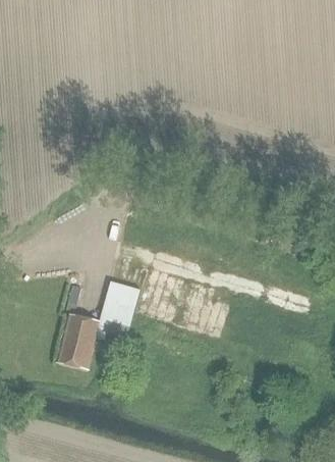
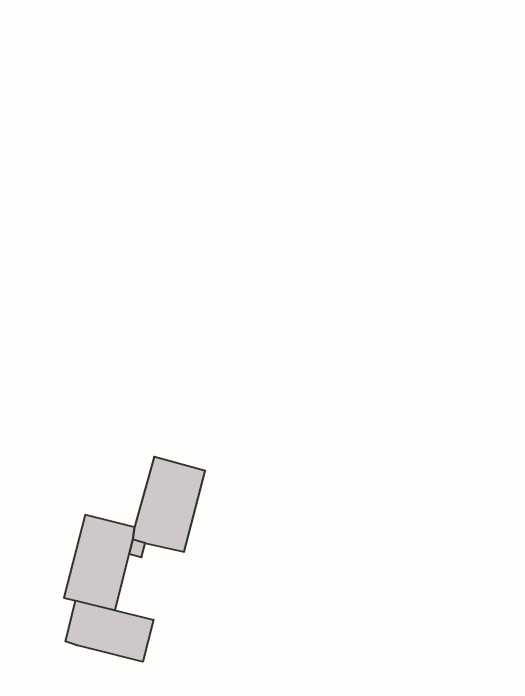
building: none -> [65,601,154,662]

